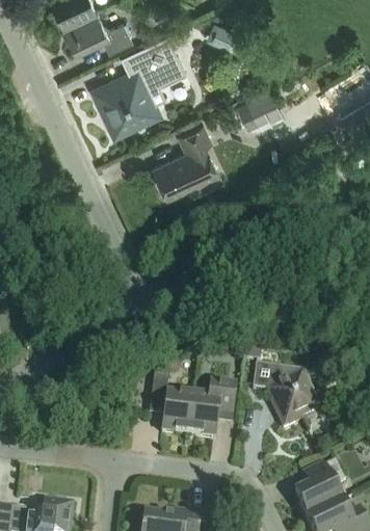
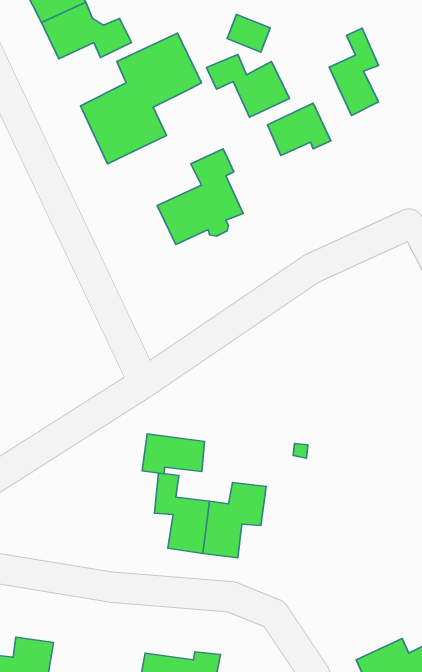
building: none -> [329,28,379,116]
building: none -> [207,55,290,117]
building: none -> [142,434,205,474]
building: [252,363,318,427] -> none
building: [293,458,345,516] -> none

